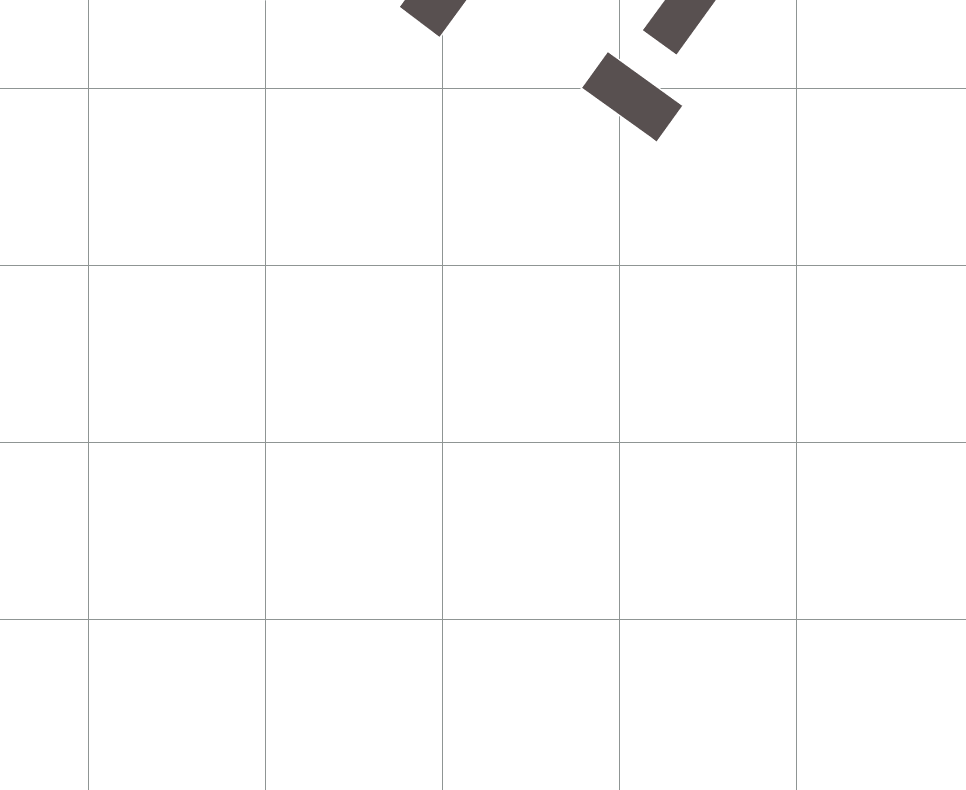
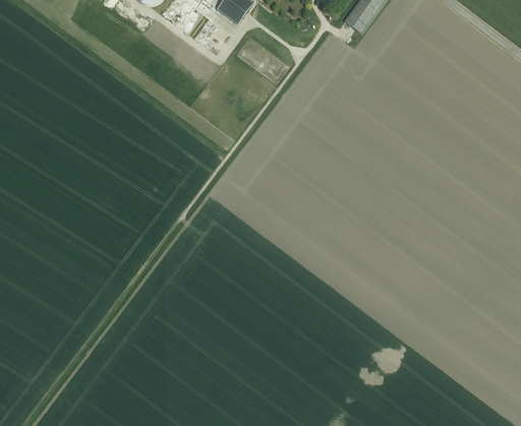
building: [581,51,683,143] -> none

